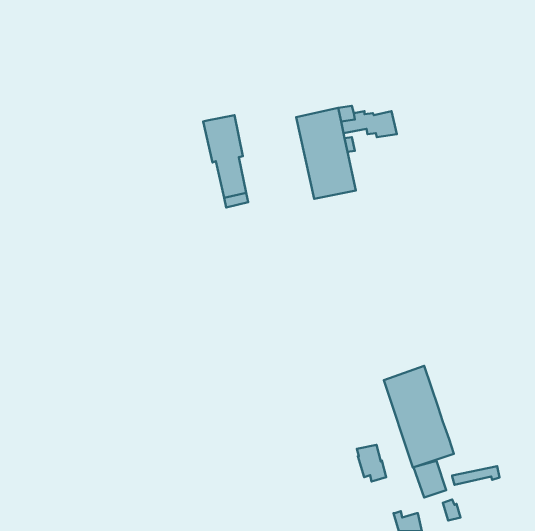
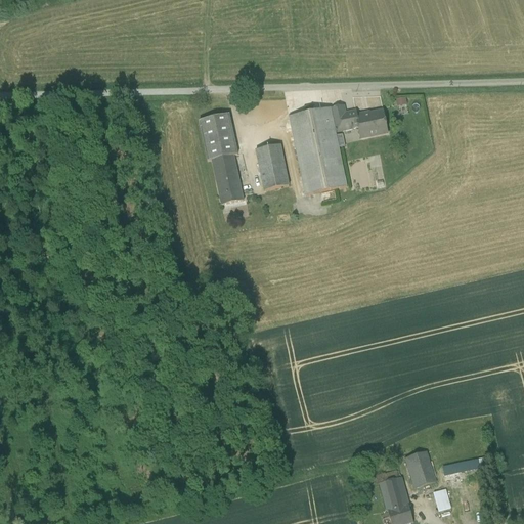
building: none -> [256,143,289,188]
building: [384,366,454,467] -> none
building: [357,445,386,481] -> [379,470,407,506]

